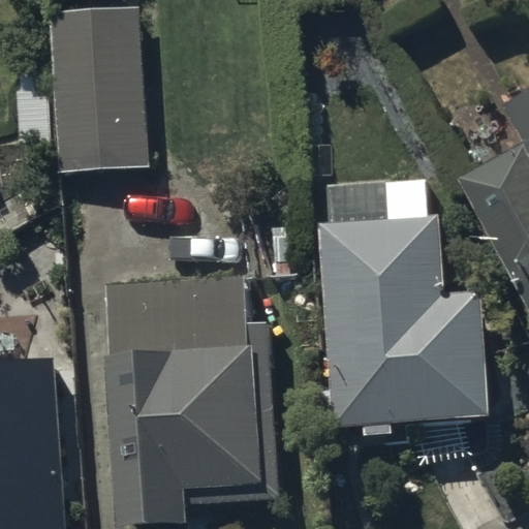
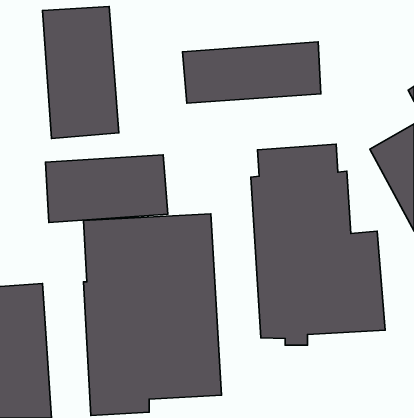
building: none -> [183,42,321,103]
building: none -> [46,155,168,222]

